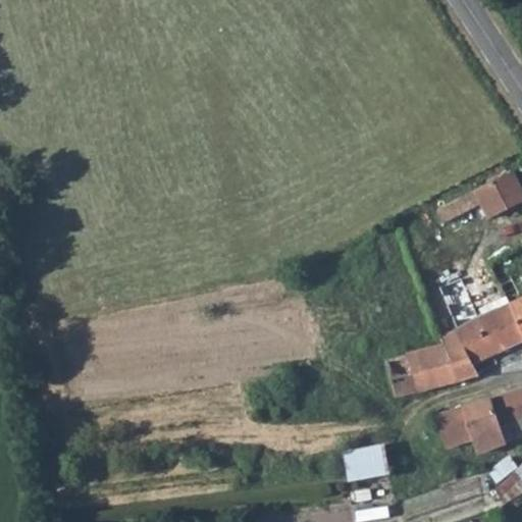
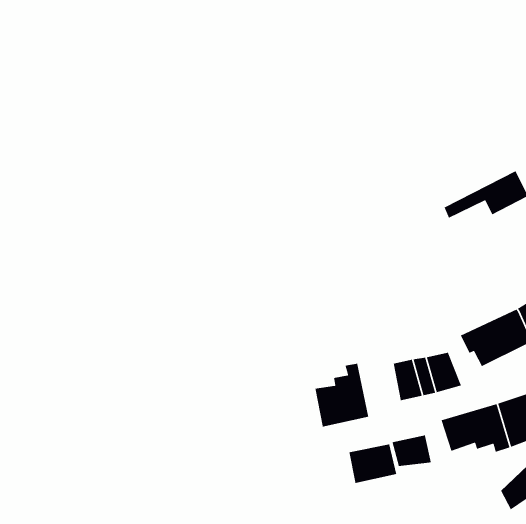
building: [441,331,481,381] -> none
building: none -> [314,363,369,428]
building: none -> [391,435,432,467]

